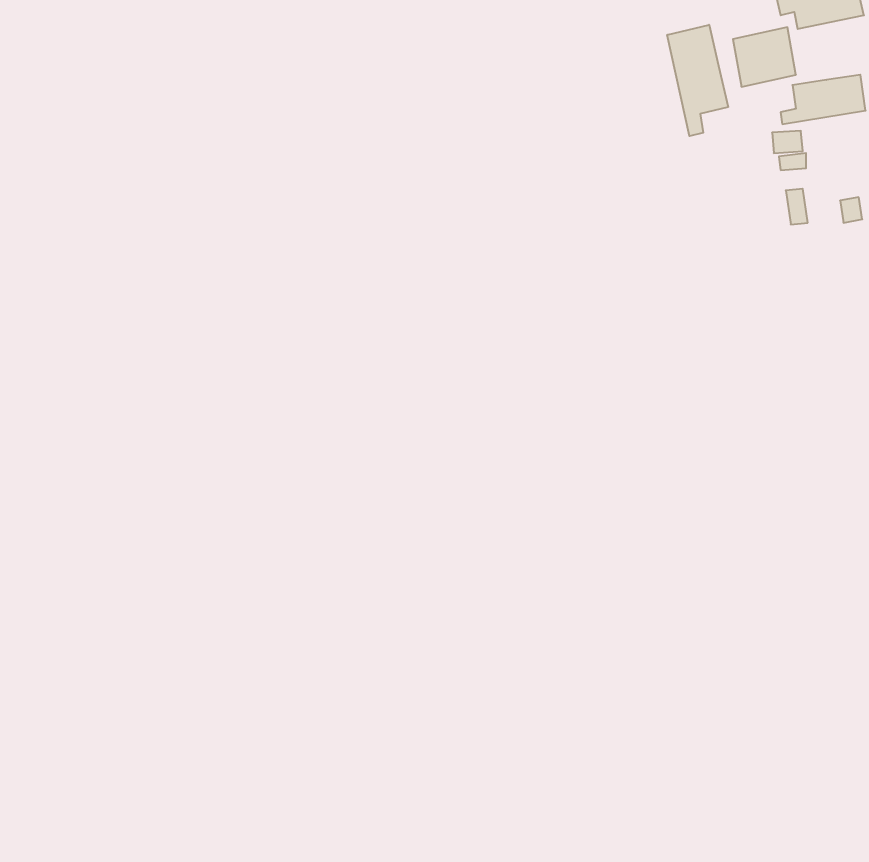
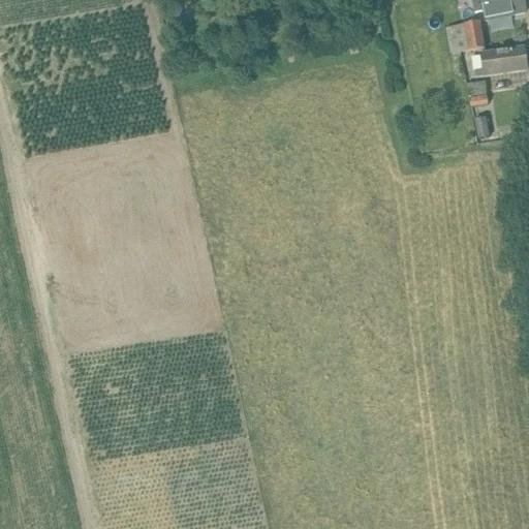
building: [667,25,728,136] -> none

